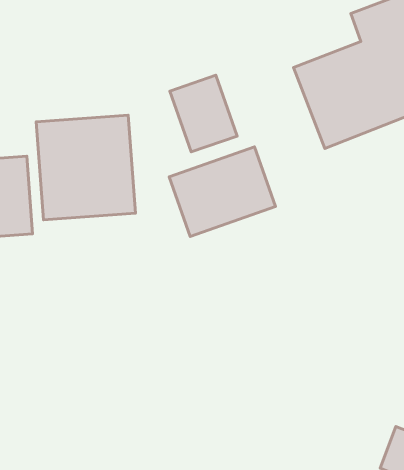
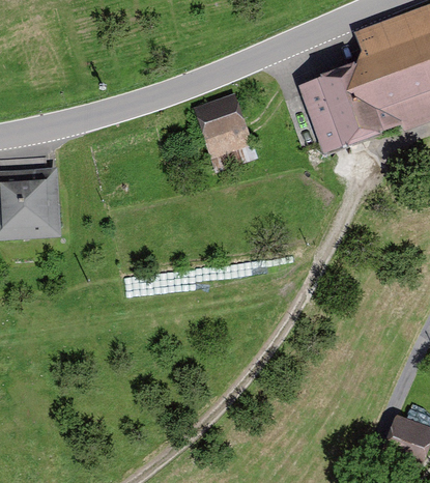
building: [36,115,135,220] -> none
building: [169,147,276,236] -> none

